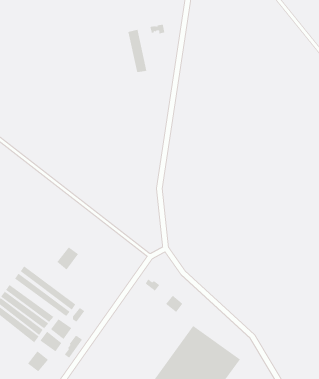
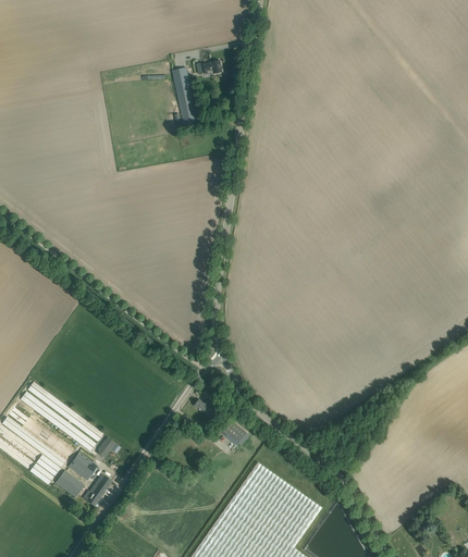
building: [56,246,79,270] -> none
building: [27,350,49,372] -> none

